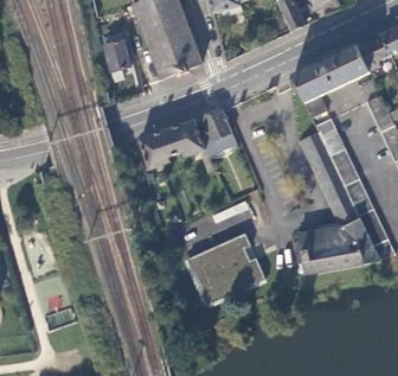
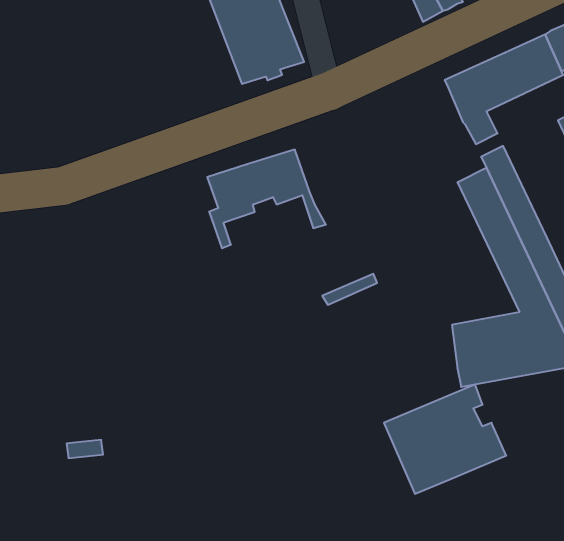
building: [102,37,130,81] -> none
building: [195,109,237,157] -> none
building: [187,231,267,302] -> [384,384,506,494]

